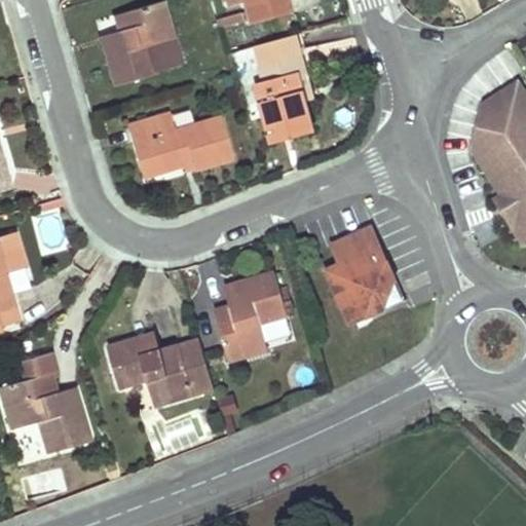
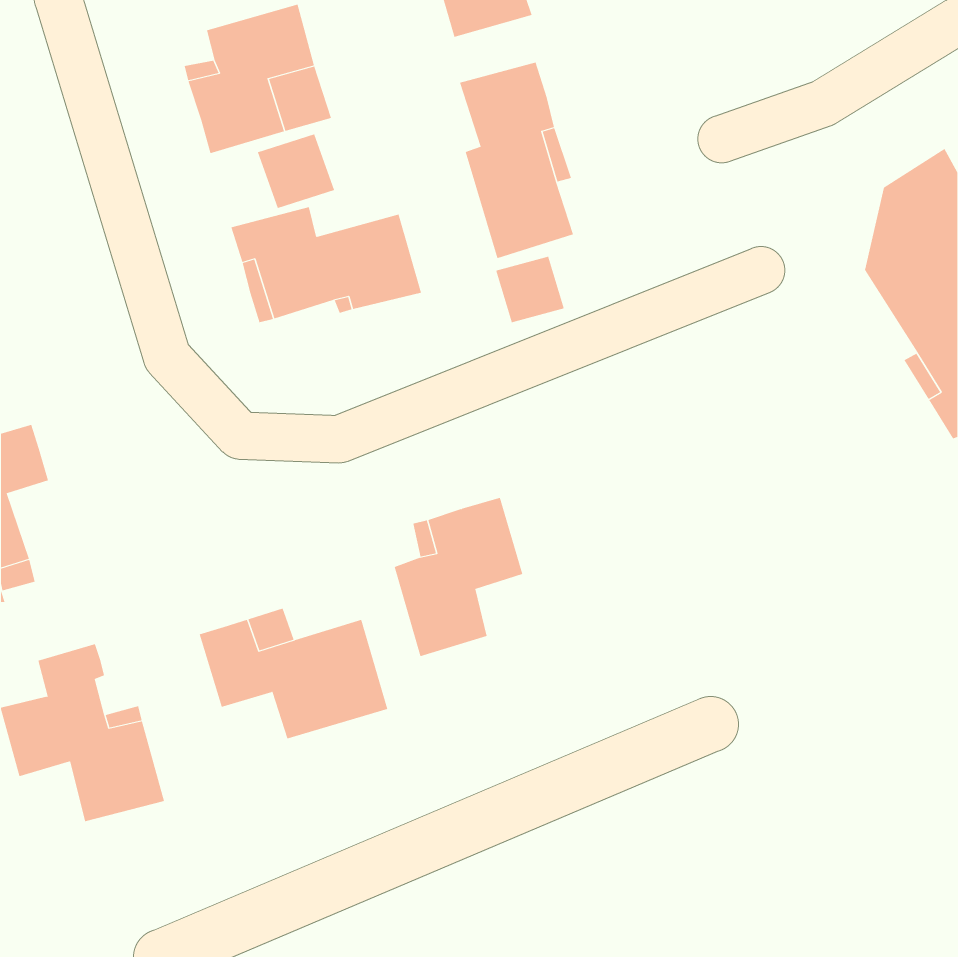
building: none -> [257,133,335,209]
building: none -> [495,256,565,323]
building: [328,227,396,323] -> none

